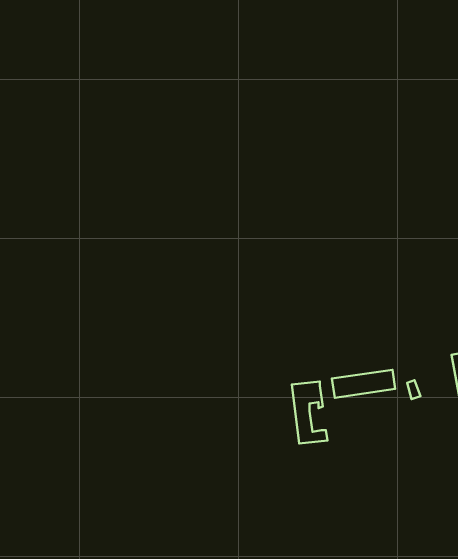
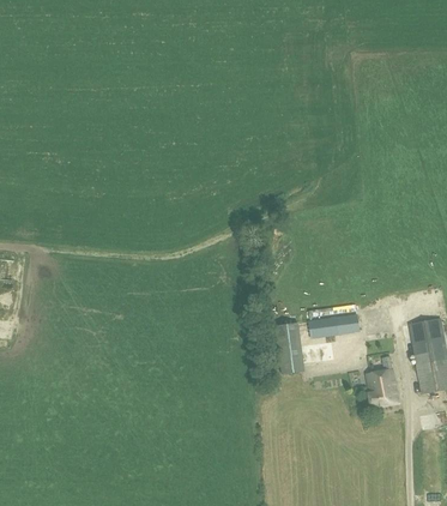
building: none -> [366,356,398,406]

